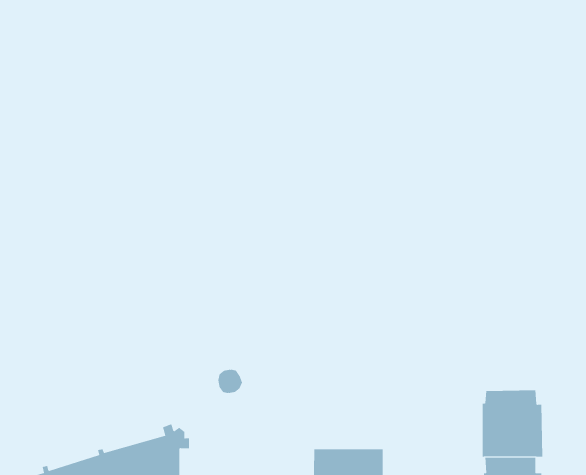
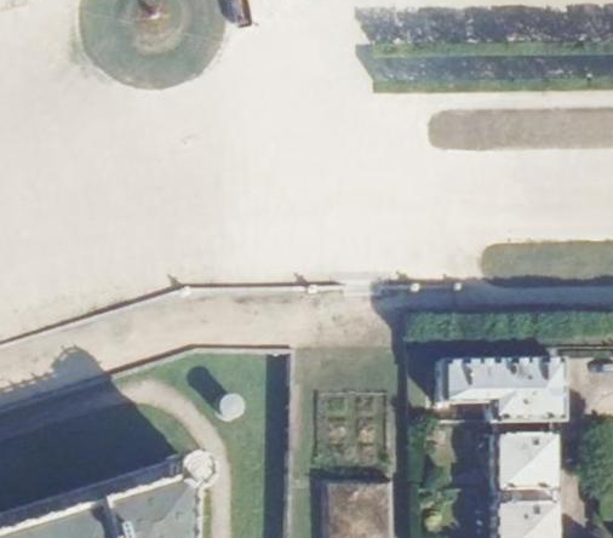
building: none -> [440,361,563,424]

